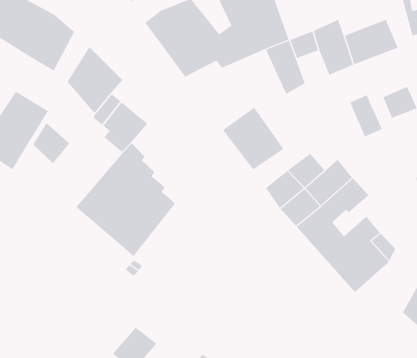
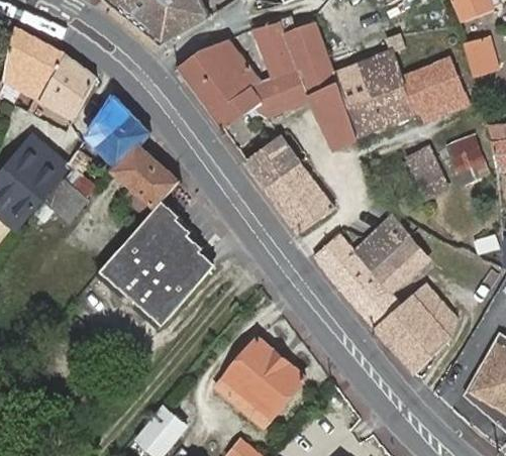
building: none -> [346,97,383,134]
building: none -> [242,134,299,187]
building: none -> [213,334,303,426]

